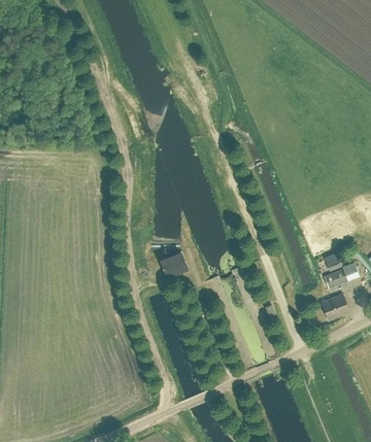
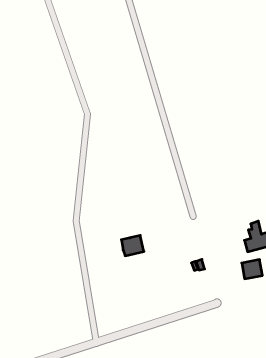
building: [161,252,188,277] -> [121,235,144,256]

